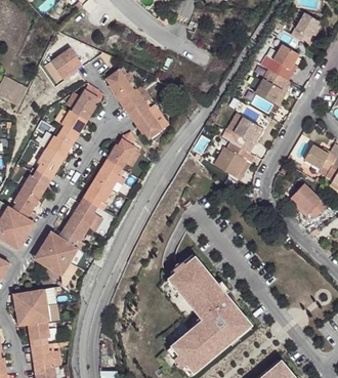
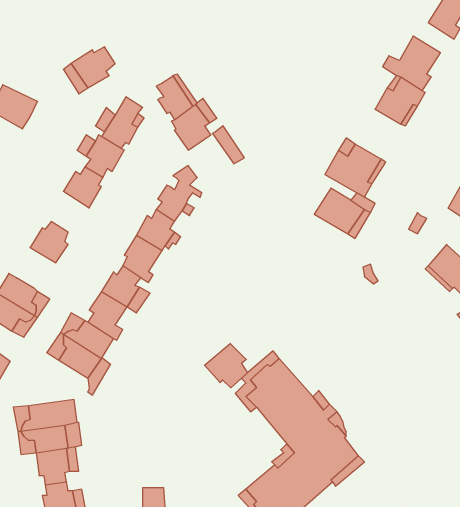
building: [133,109,162,137] -> none
building: [38,148,64,175] -> none
building: [14,185,41,213] -> none
building: none -> [205,343,248,388]

